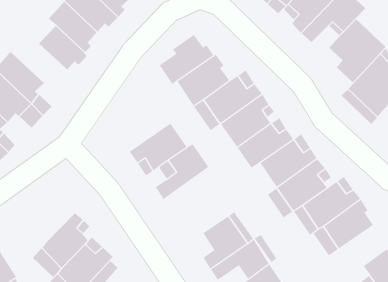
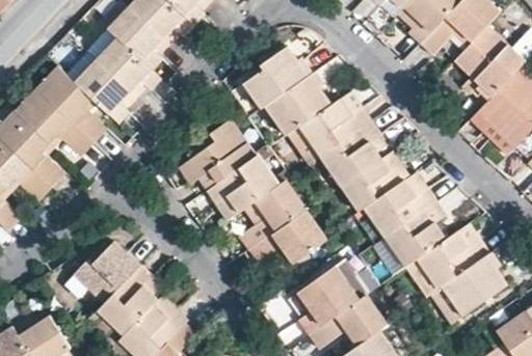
building: none -> [73,56,130,116]
building: none -> [179,117,256,190]
building: none -> [248,209,326,264]
building: none -> [72,238,139,302]

